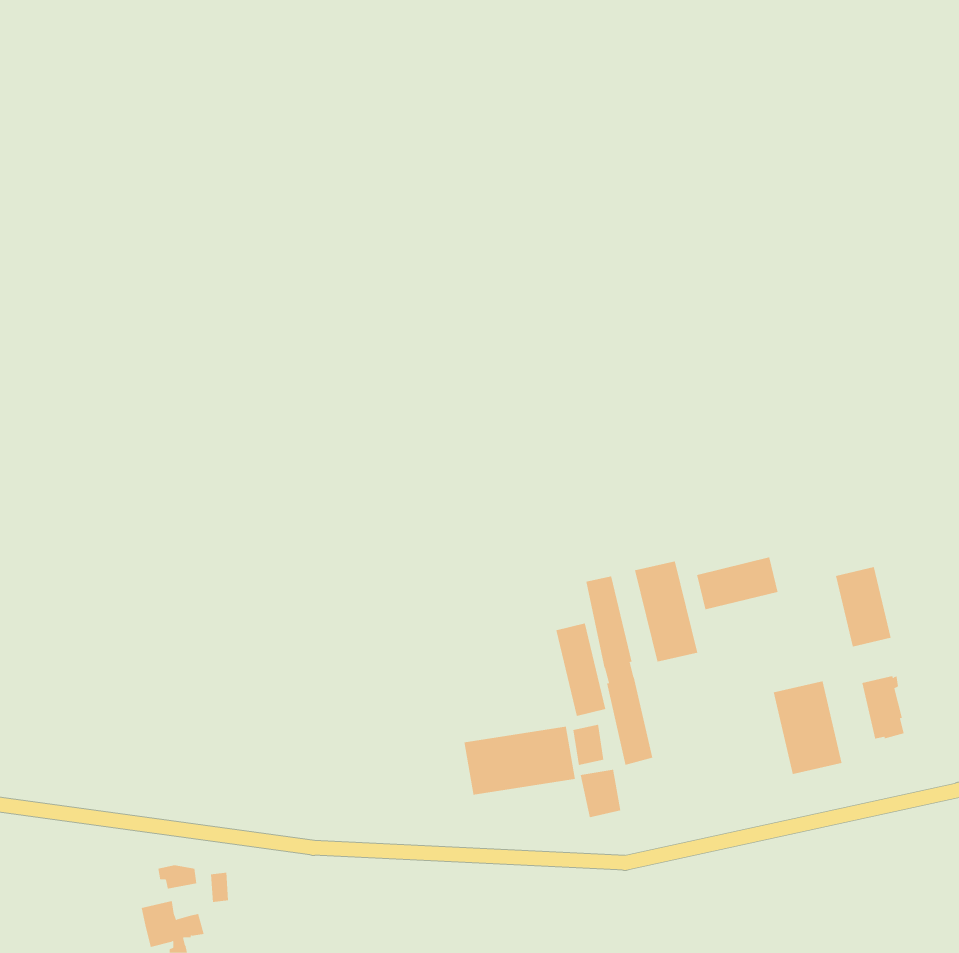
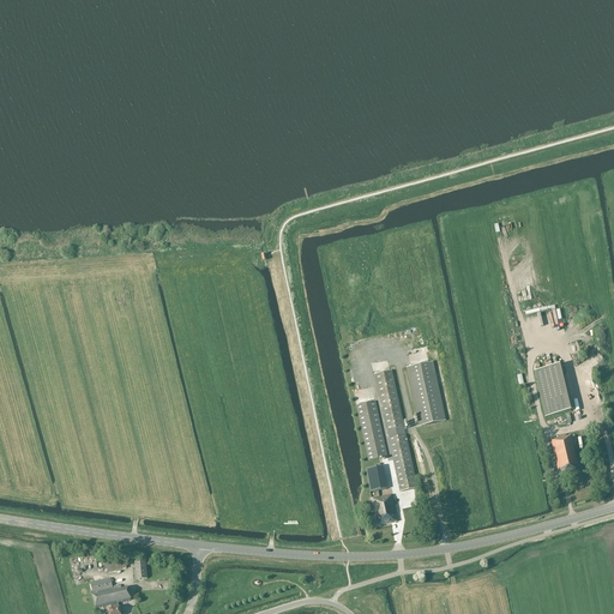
building: [697,557,778,610] -> none
building: [773,680,842,775] -> none
building: [464,726,575,796] -> none

